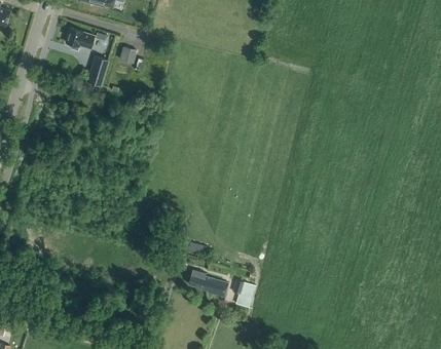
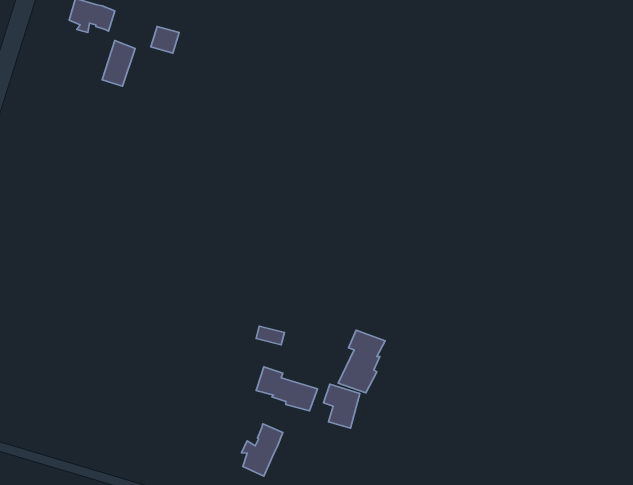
building: none -> [338,330,385,393]
building: none -> [241,424,283,476]

